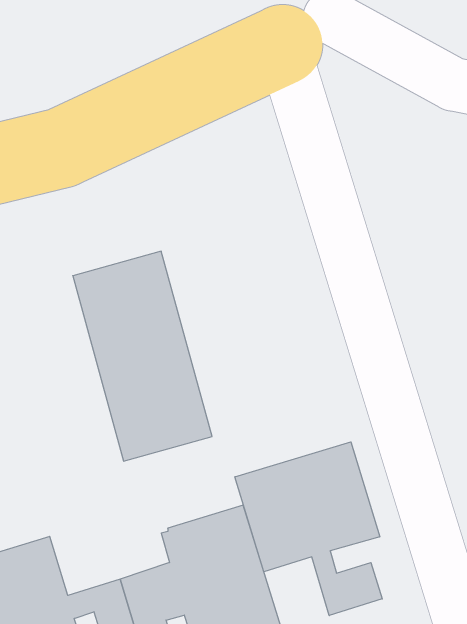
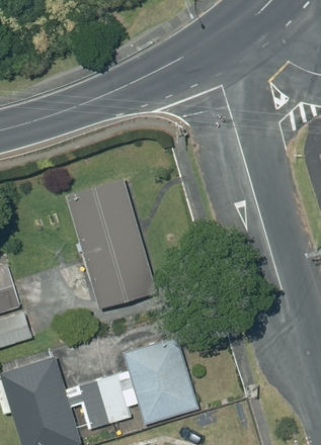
building: [235,442,382,616] -> none

